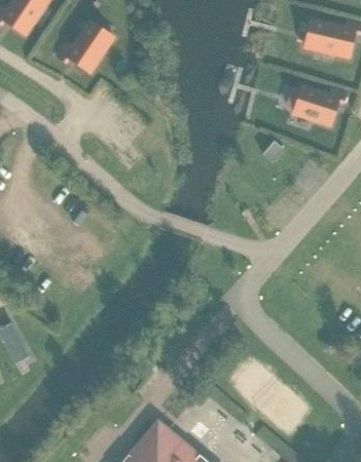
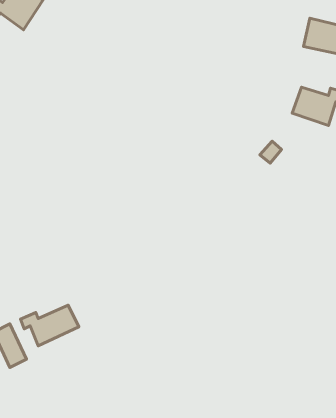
building: [56,23,111,73] -> none
building: none -> [21,305,79,346]

